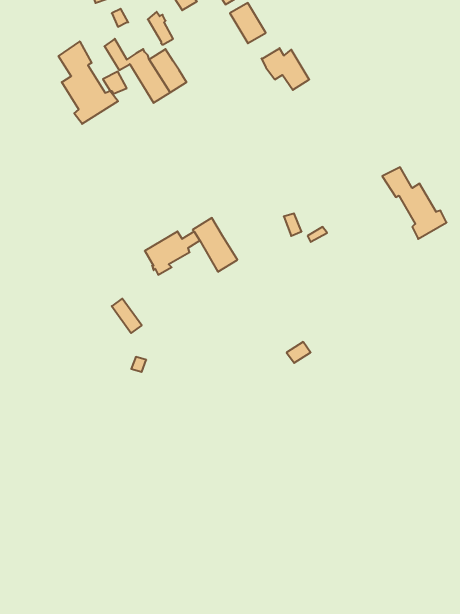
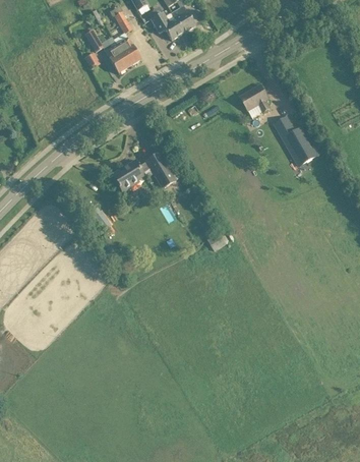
building: [59,41,118,124] -> none
building: [261,48,309,90] -> [149,11,182,40]
building: none -> [240,85,268,111]

